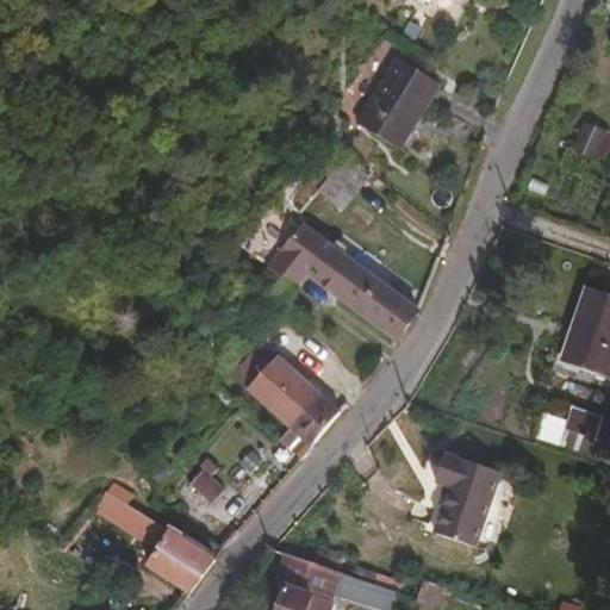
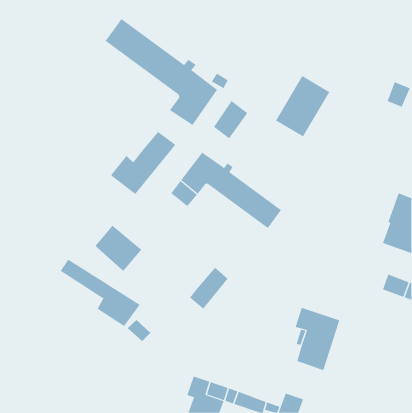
building: none -> [105,18,218,126]
building: [354,56,435,148] -> [275,75,330,137]
building: none -> [110,131,176,195]
building: [247,356,317,425] -> [94,225,142,272]
building: [93,490,212,590] -> [60,259,141,327]

